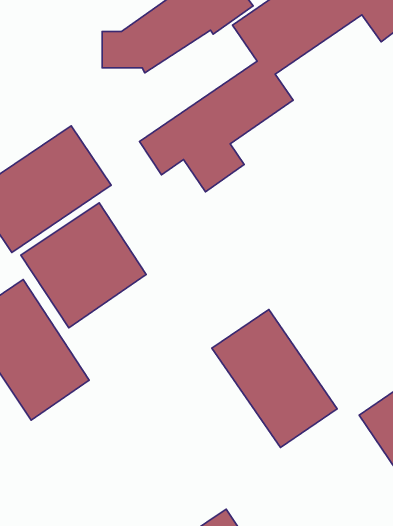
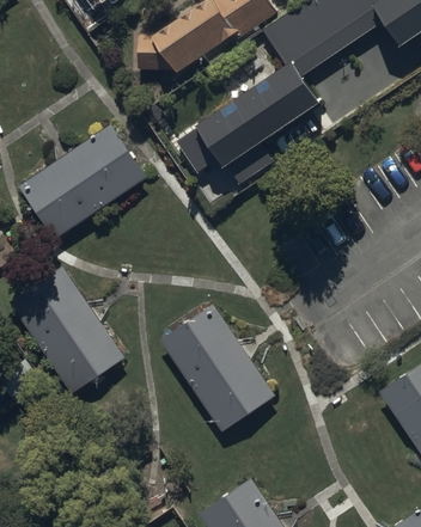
building: [21,203,146,328] -> none
building: [212,309,337,448] -> [161,306,277,434]

